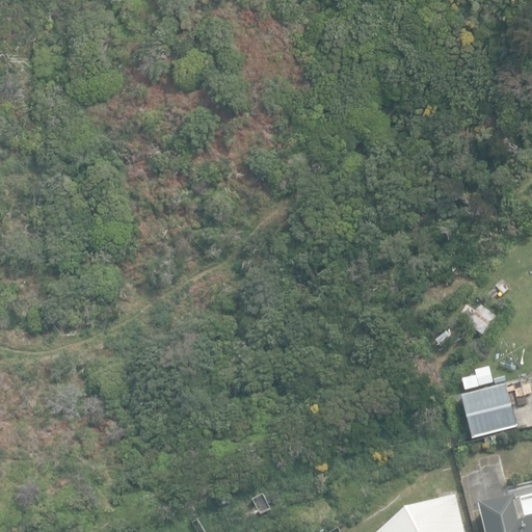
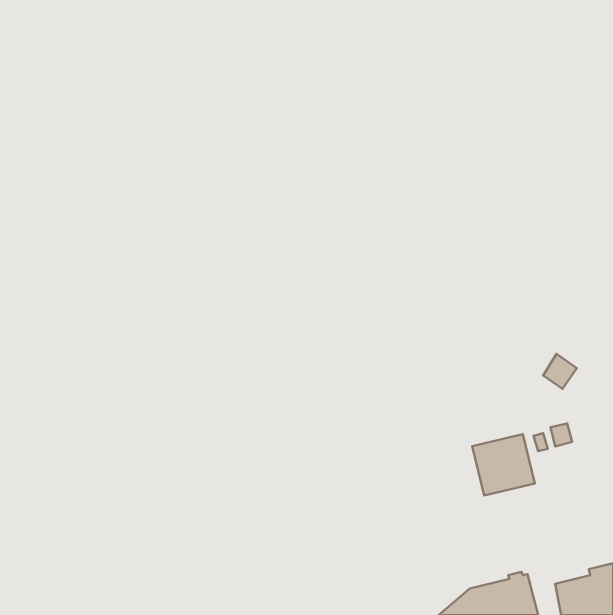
building: [462,384,516,437] -> [472,434,535,496]

